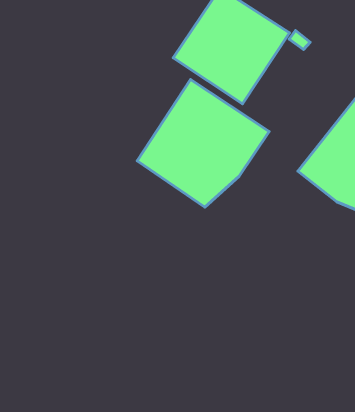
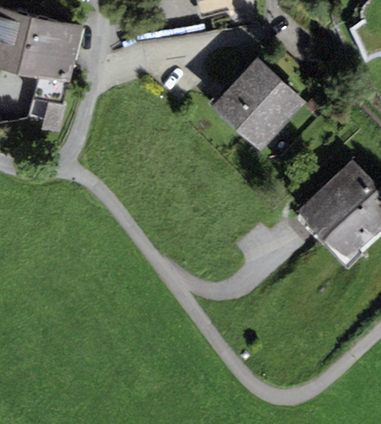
building: [137,79,269,207] -> none

